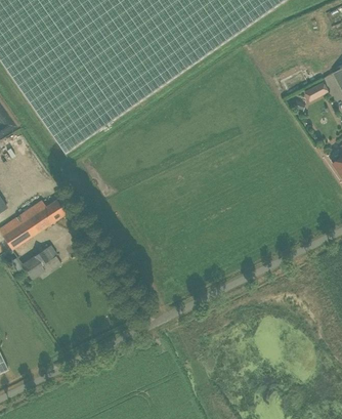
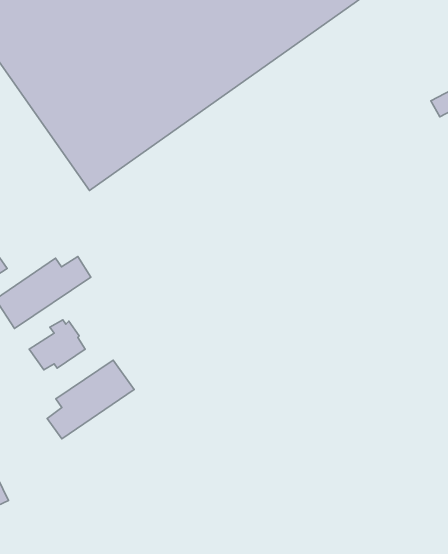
building: none -> [47,360,134,439]

